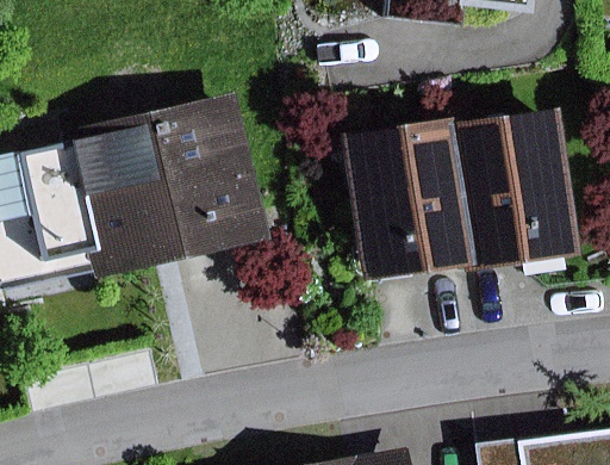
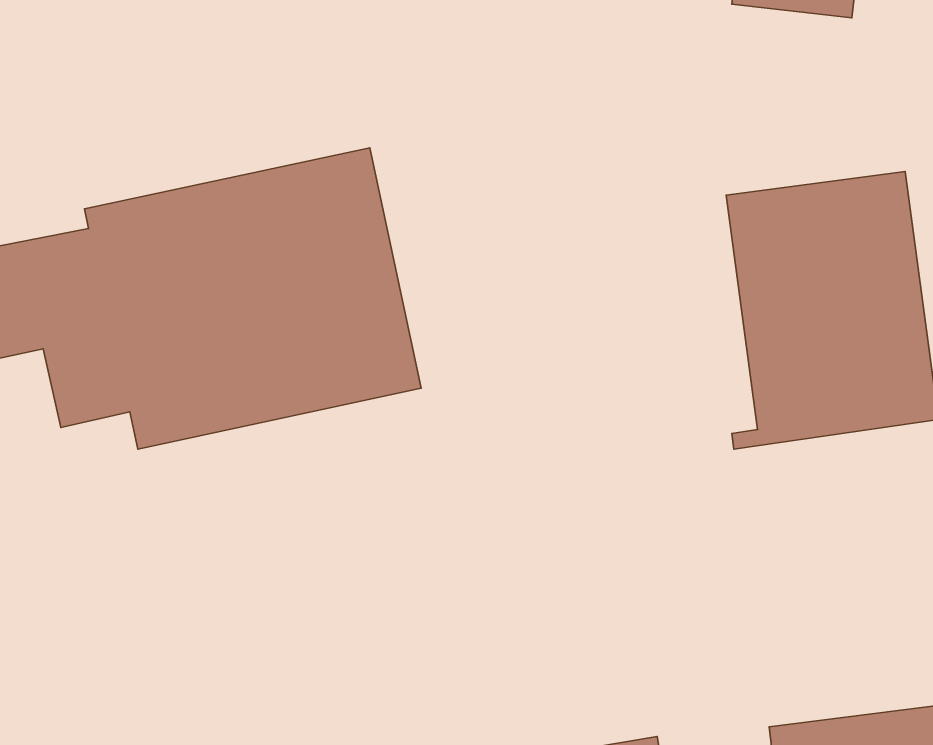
building: [341,118,471,299] -> none

